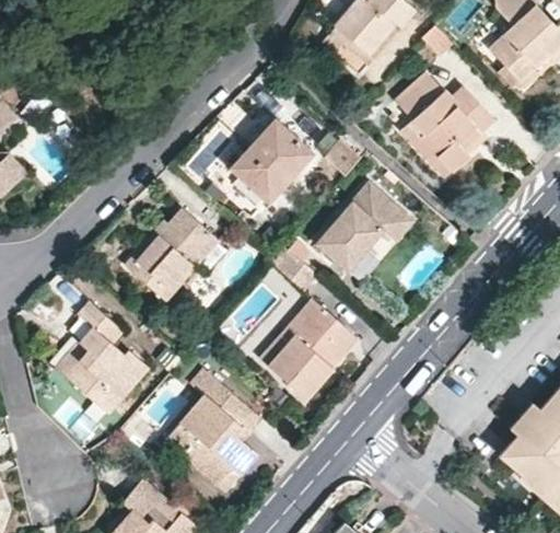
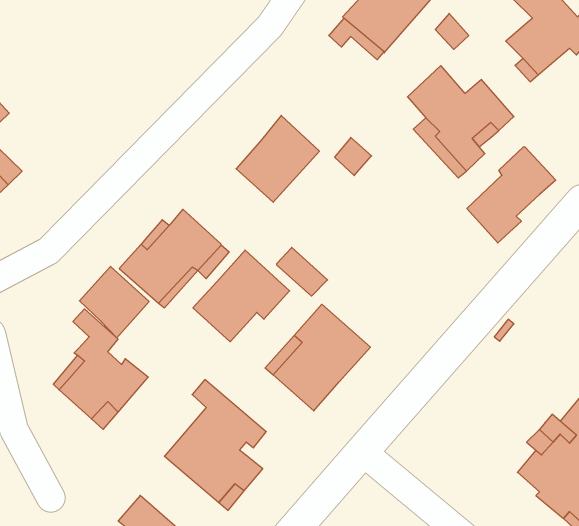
building: none -> [467,147,556,243]
building: [314,181,413,270] -> none
building: none -> [193,250,290,342]
building: none -> [79,266,149,338]

